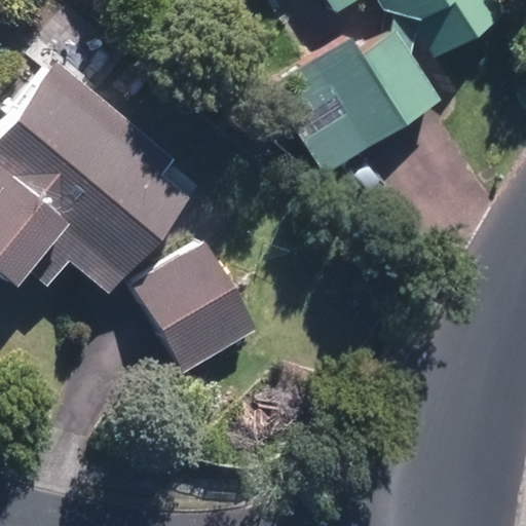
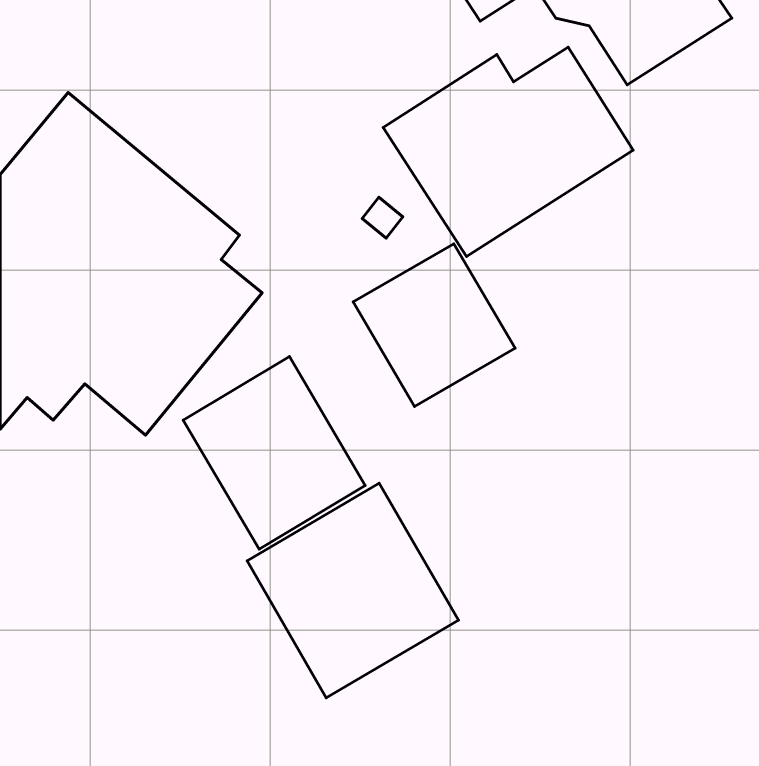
building: none -> [353,244,515,406]
building: none -> [247,483,458,698]

